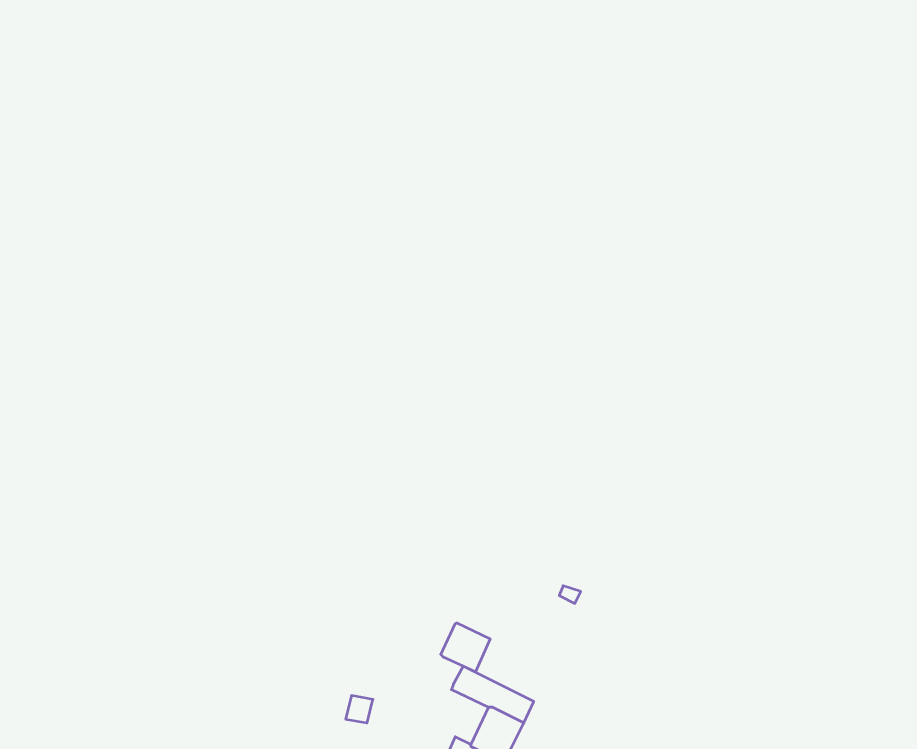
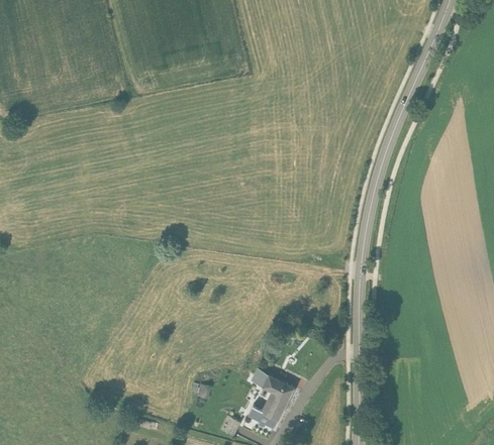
building: [441,623,490,672] -> none

